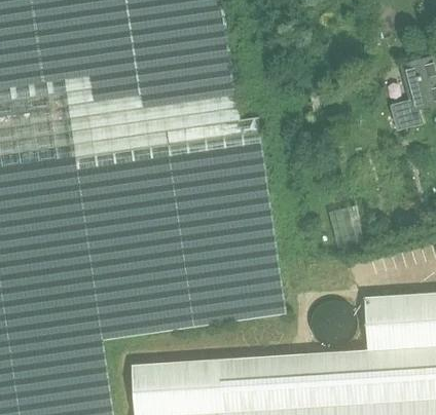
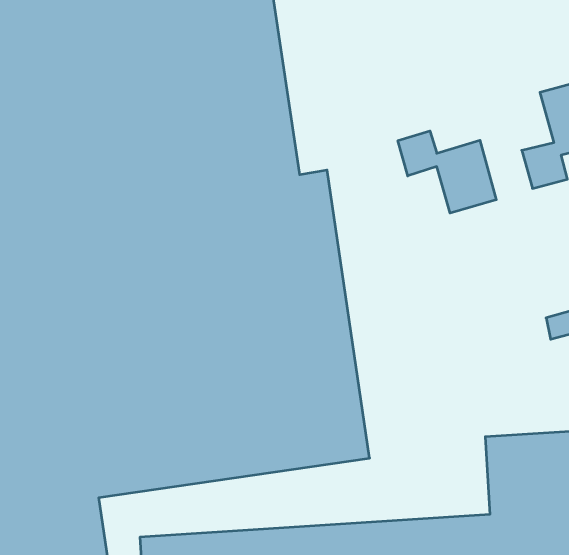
building: none -> [398,131,496,213]

